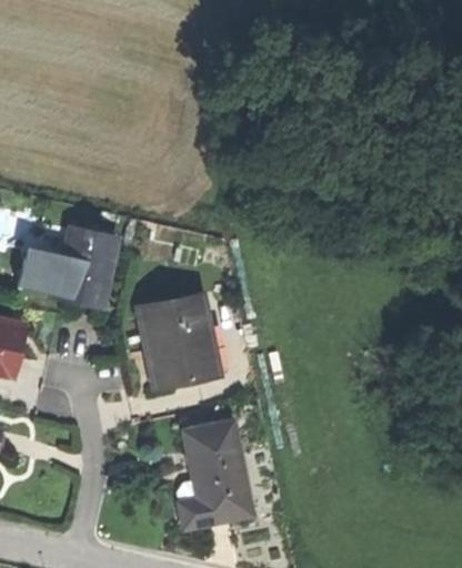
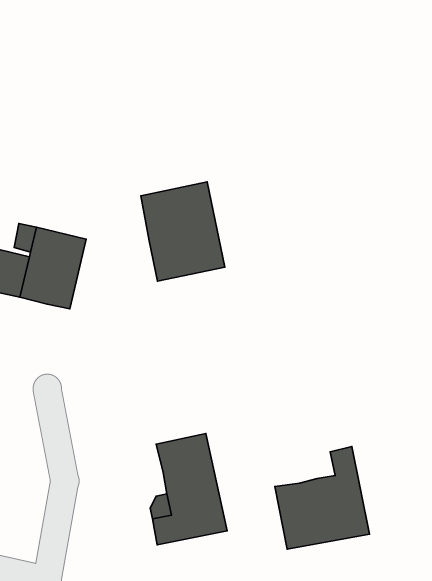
building: [142,293,221,386] -> [141,182,225,281]
building: none -> [275,447,370,549]

